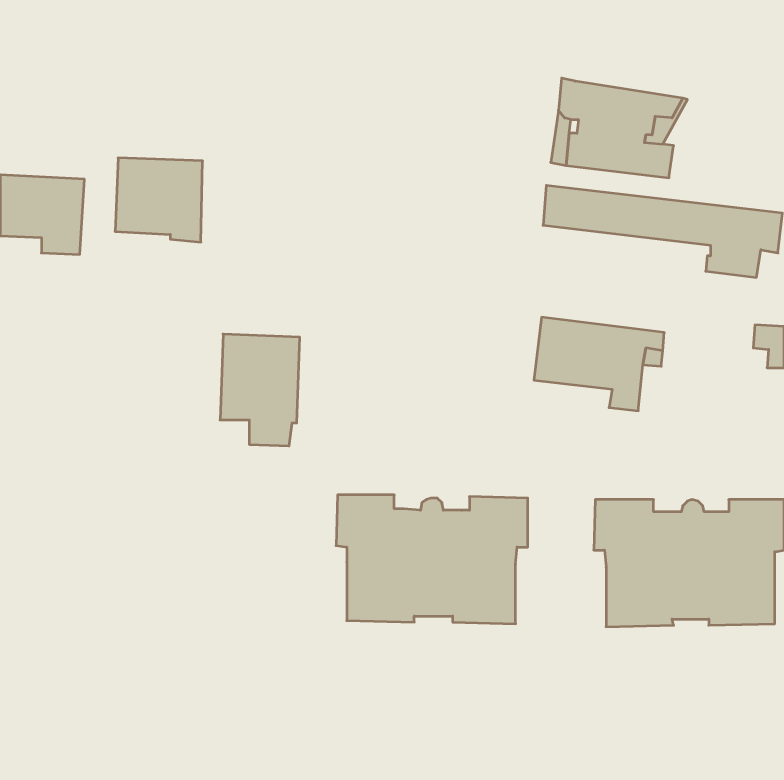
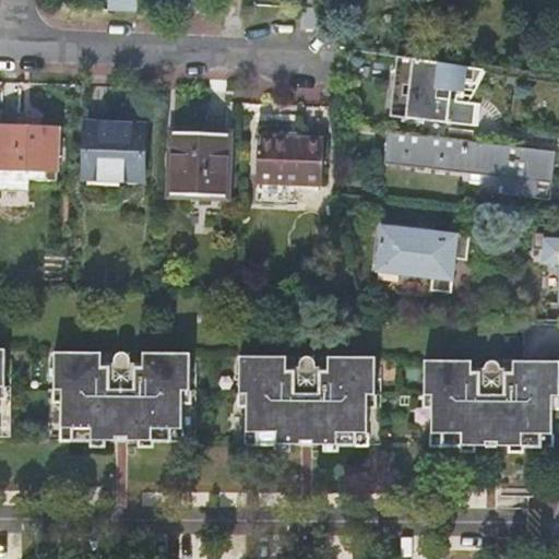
building: none -> [255,135,322,202]
building: [220,334,300,446] -> [170,132,227,212]
building: none -> [52,350,190,441]

